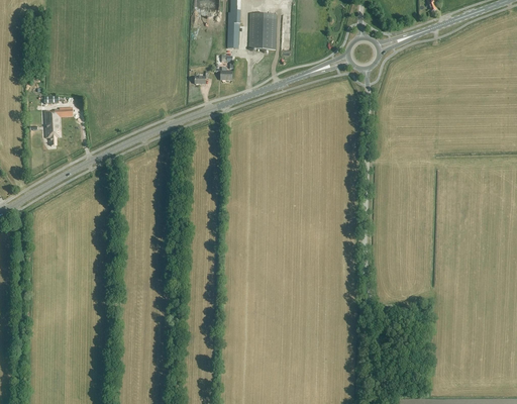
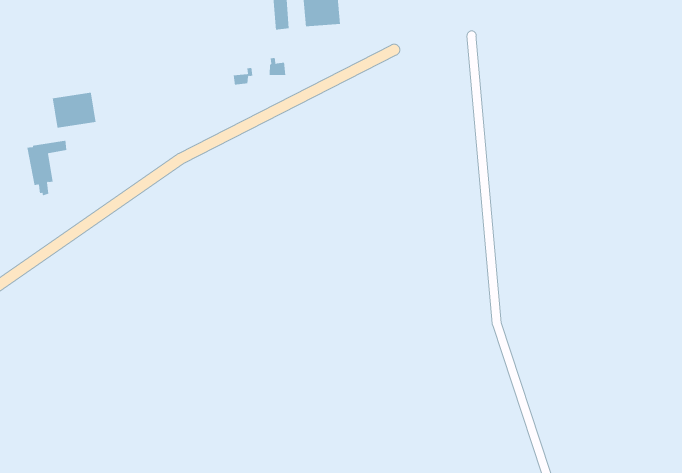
building: none -> [52,92,96,129]

